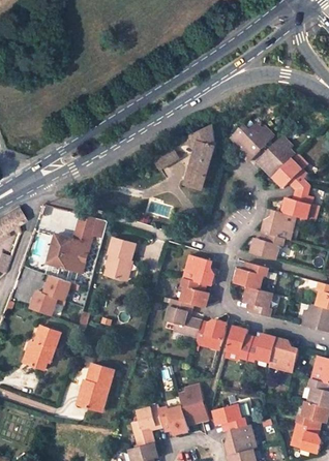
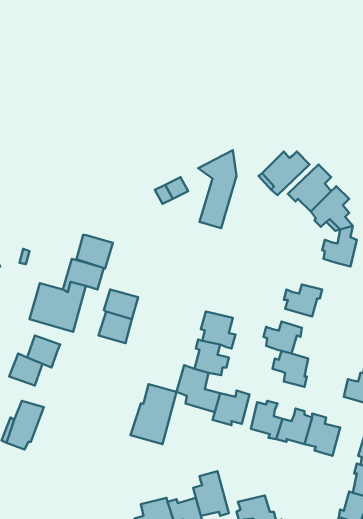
building: none -> [76,235,113,268]
building: [262,210,295,238] -> none
building: [77,363,114,411] -> [131,384,177,444]

